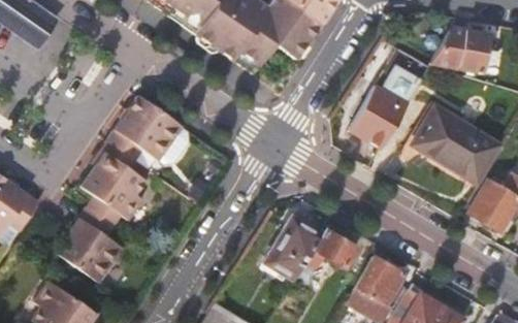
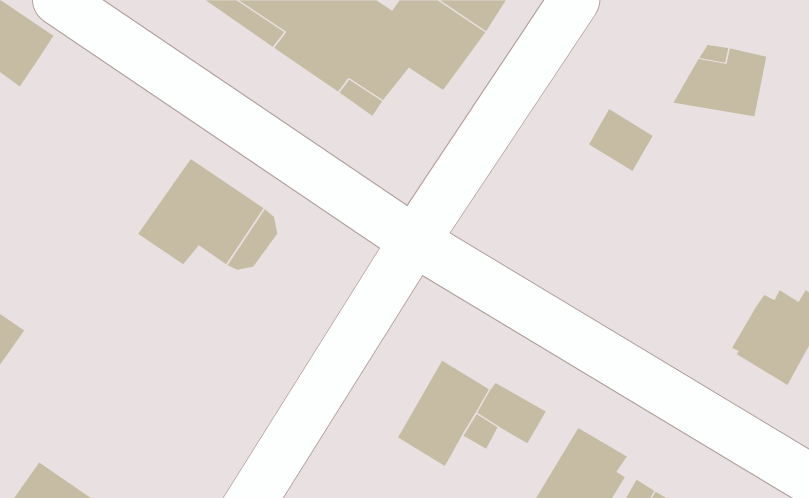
building: [348,85,406,148] -> none
building: [413,106,501,184] -> none
building: [83,140,148,219] -> none
building: [57,204,125,280] -> none

